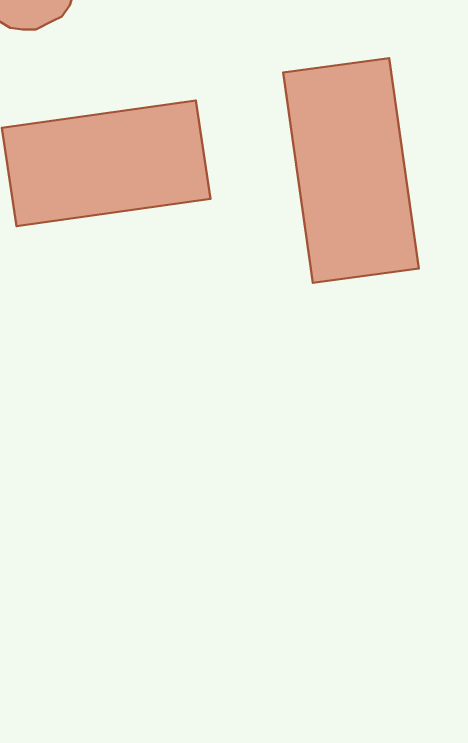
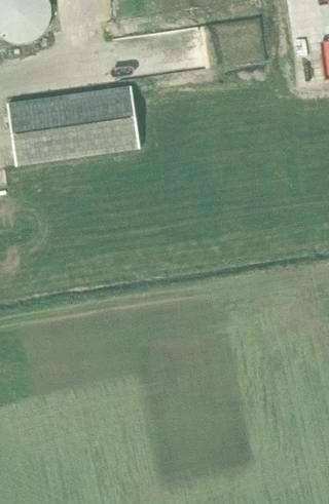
building: [283,58,419,283] -> none

